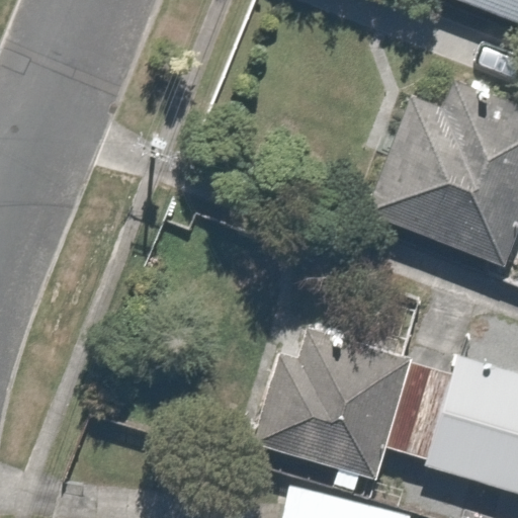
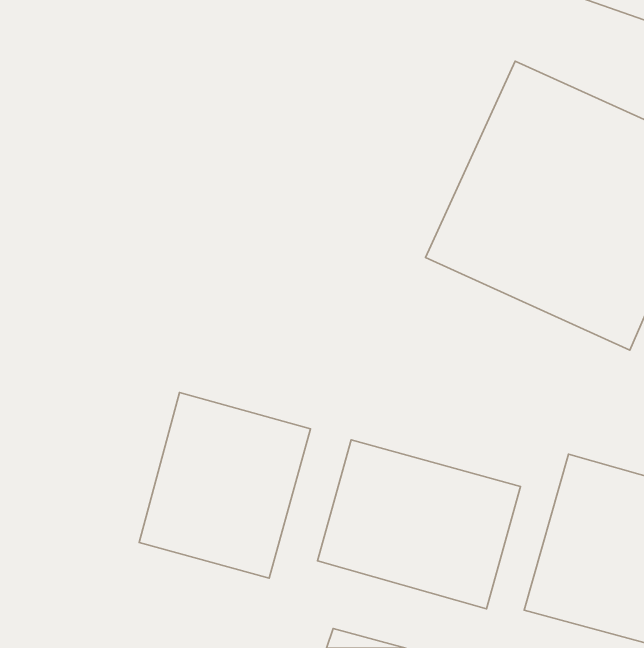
building: none -> [139,392,311,578]

